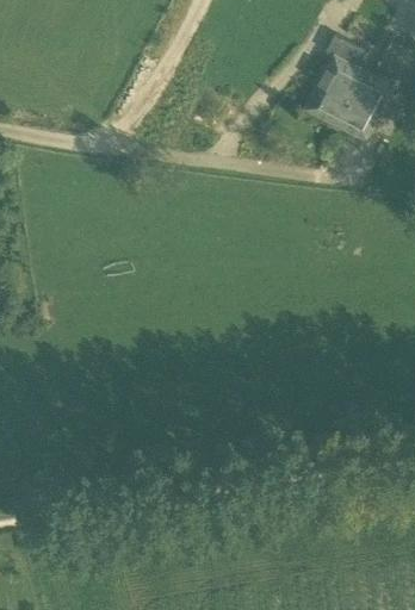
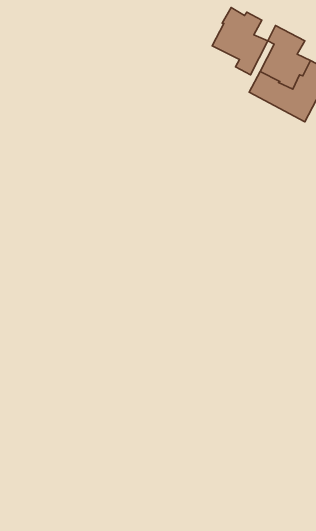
building: none -> [212,8,268,75]

